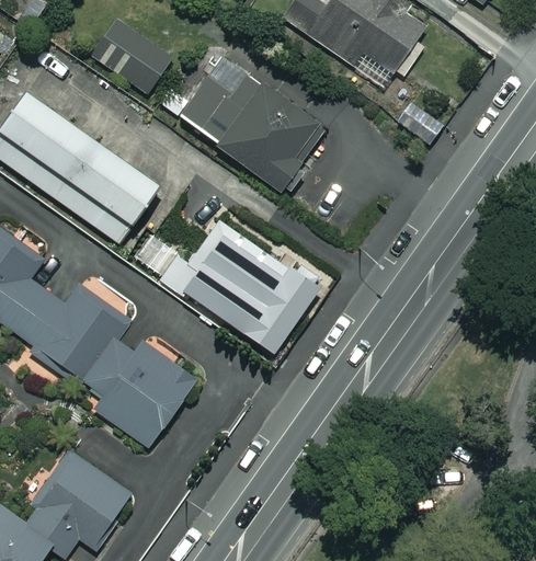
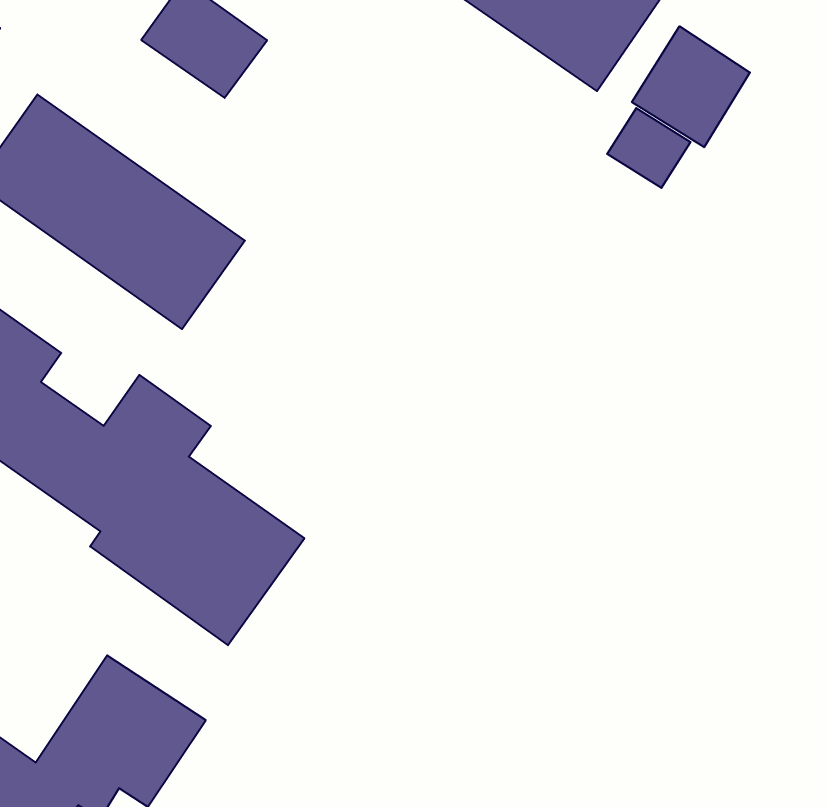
building: none -> [632,26,750,147]
building: [159,58,326,194] -> none
building: [175,221,317,352] -> none

